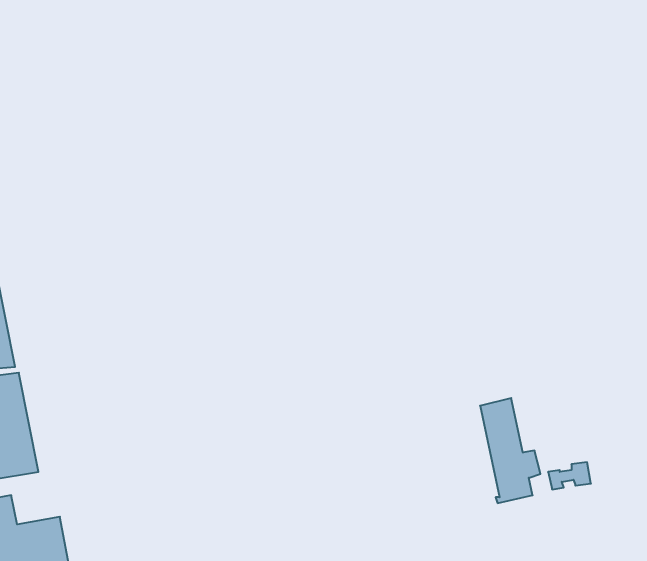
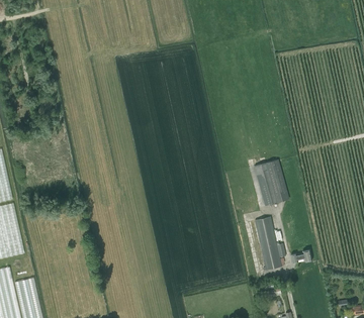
building: none -> [252,160,287,206]

